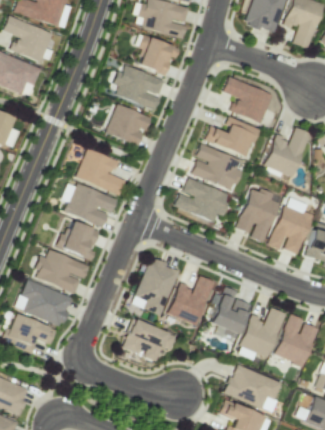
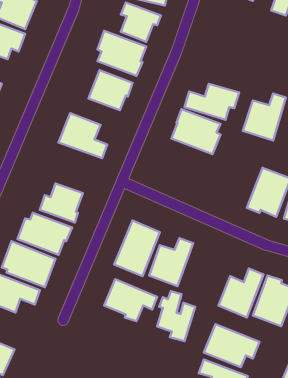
building: [222,77,272,123] -> none
building: [174,178,230,223] -> none
building: [63,183,117,226] -> none
building: [236,186,279,242] -> none
building: [210,287,249,338] -> [157,291,195,341]

